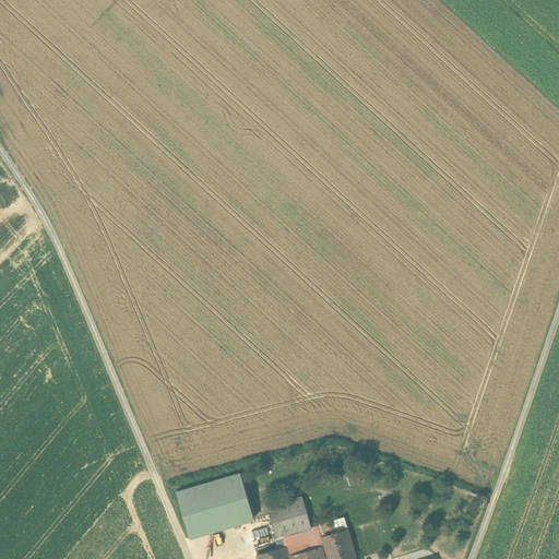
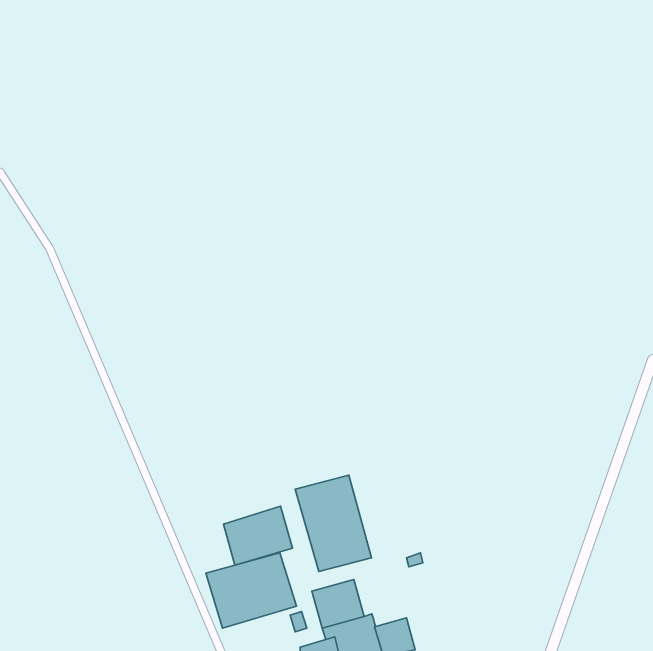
building: none -> [295,475,372,571]
building: none -> [223,506,293,565]

